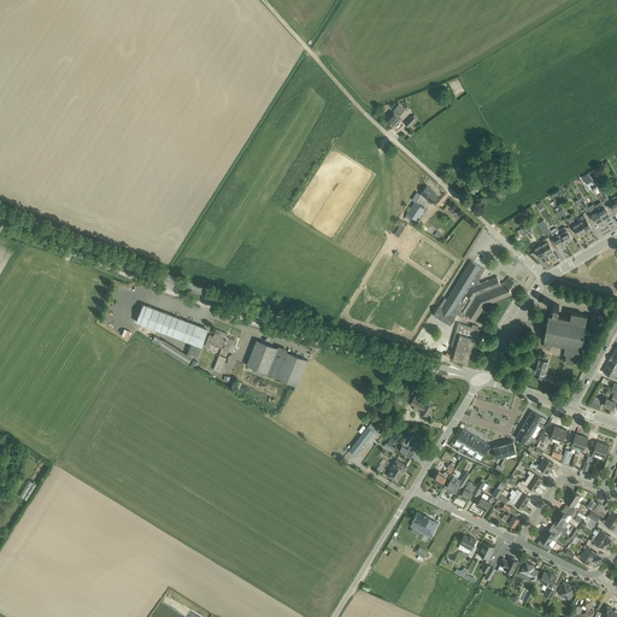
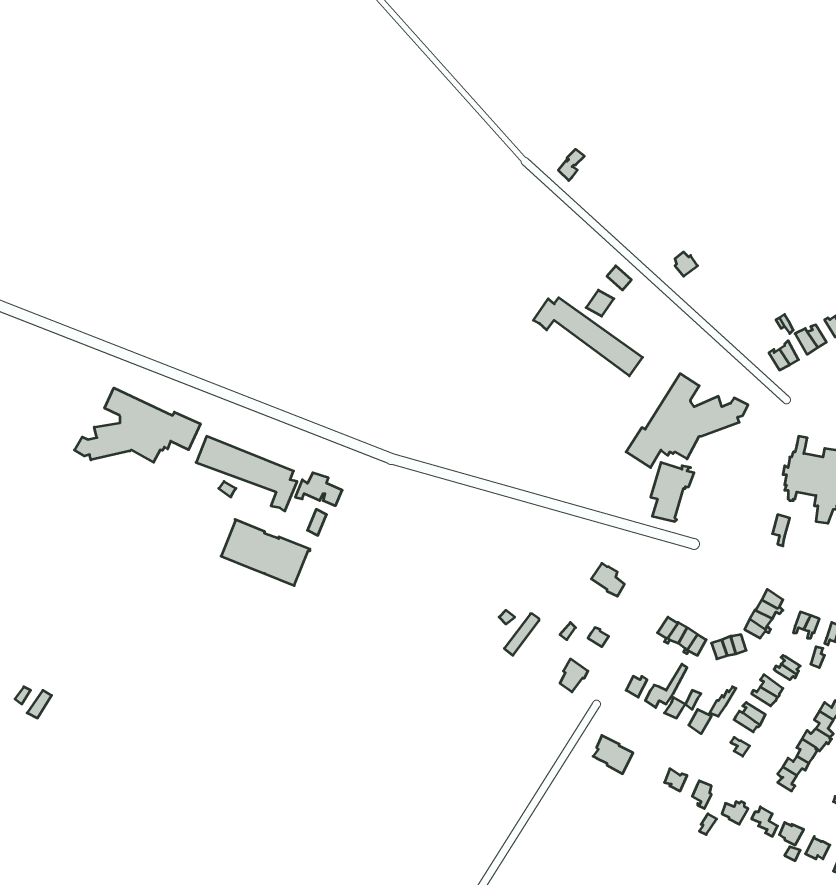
building: none -> [533,298,643,376]
building: none -> [74,388,200,462]
building: [247,340,308,386] -> [221,519,310,586]

